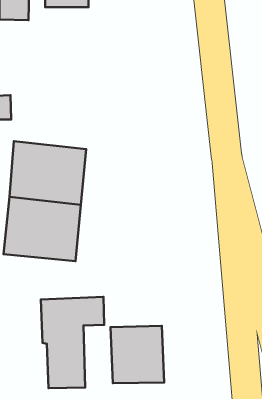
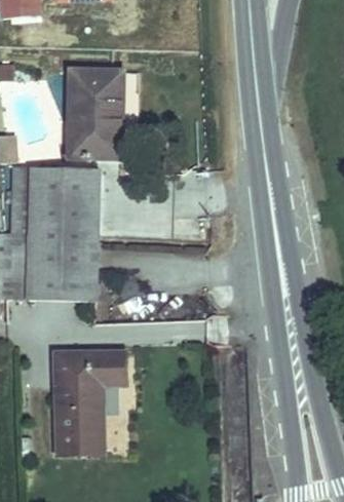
building: none -> [66,76,123,167]
building: [111,326,164,383] -> none

